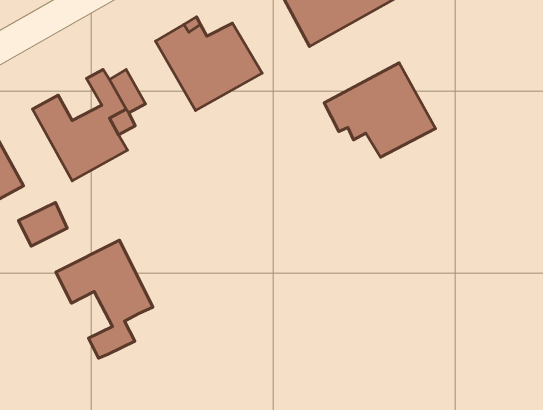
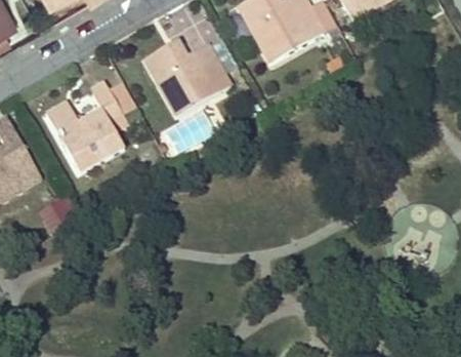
building: [324,63,435,157] -> none
building: [56,240,153,358] -> none

